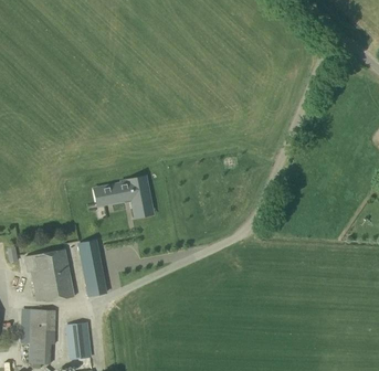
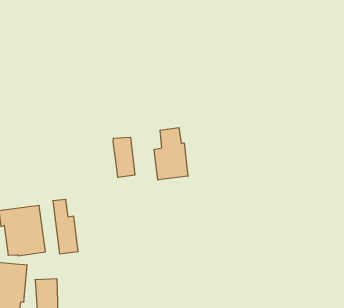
building: none -> [154,128,188,180]
building: [101,180,138,202] -> none

